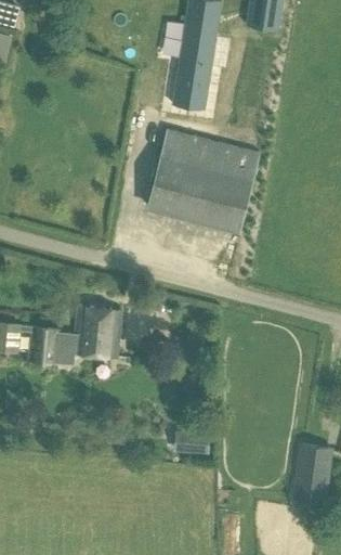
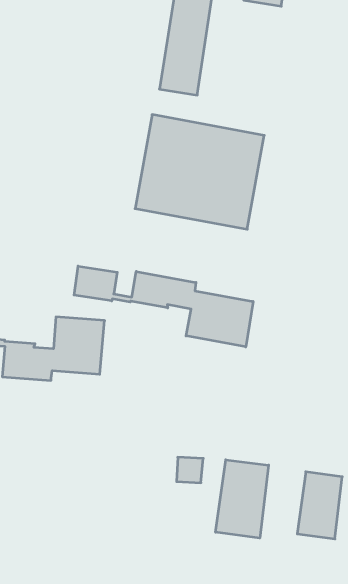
building: none -> [74,266,253,347]
building: none -> [216,460,269,538]

